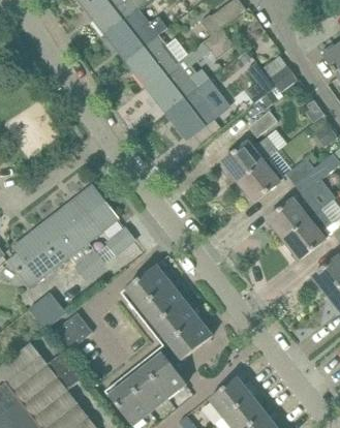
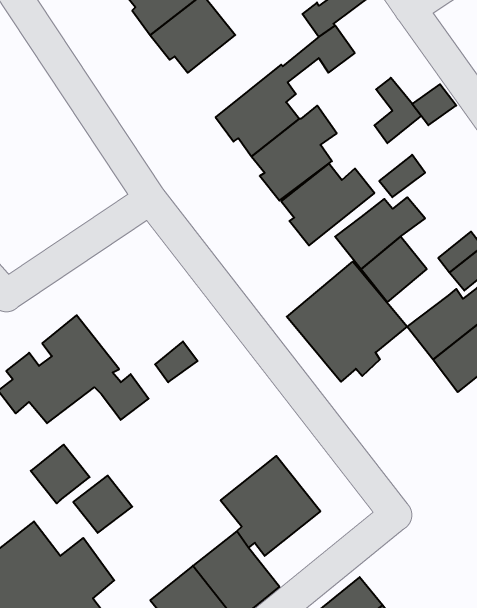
building: [128,34,187,86] -> [281,164,374,245]
building: none -> [287,262,407,382]
building: [58,185,118,253] -> none
building: [121,264,184,328] -> none

